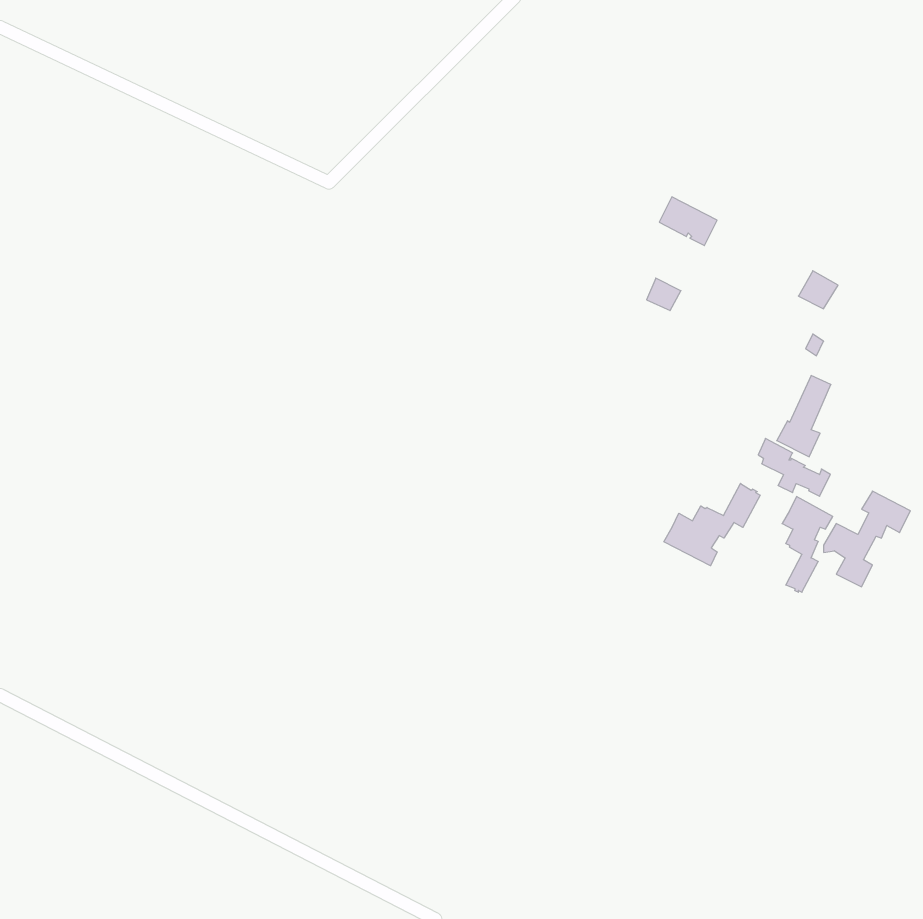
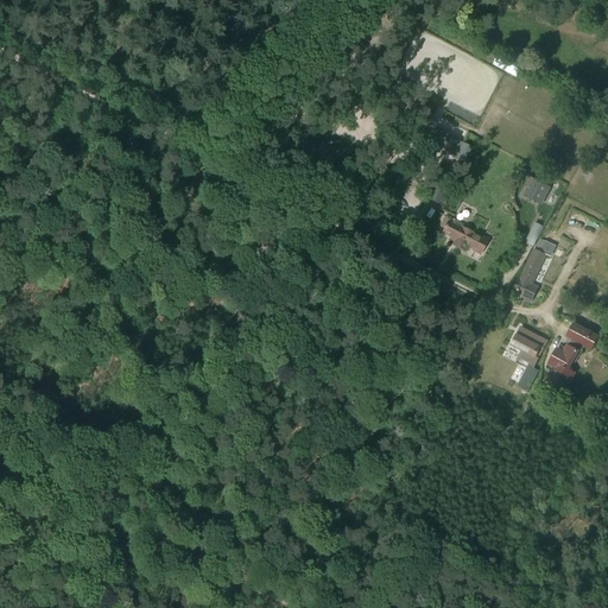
building: [758,438,830,496] -> [441,214,488,252]
building: [664,483,760,566] -> none

